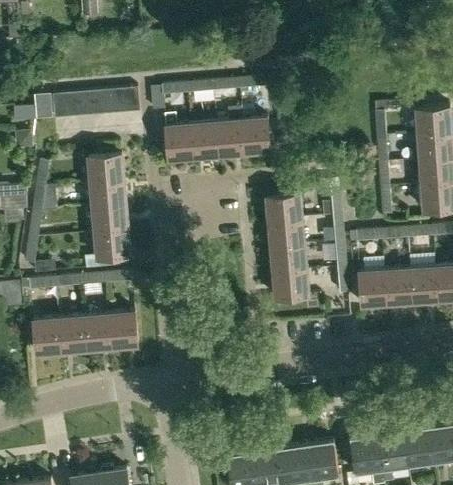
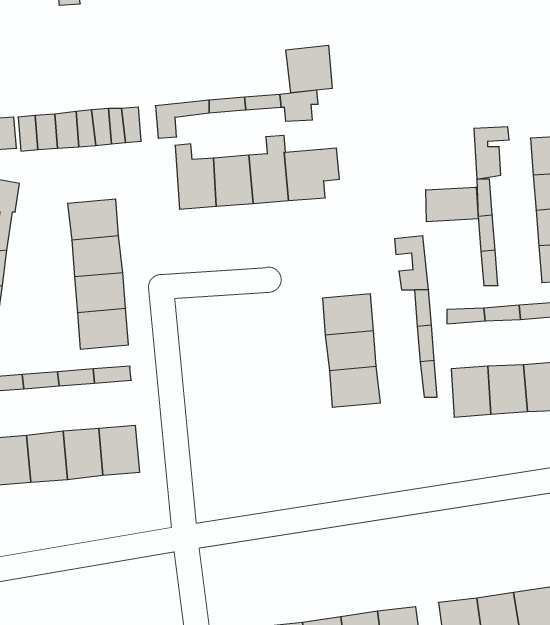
building: none -> [286,45,332,93]
building: none -> [426,187,478,222]
building: [265,194,301,223] -> none

